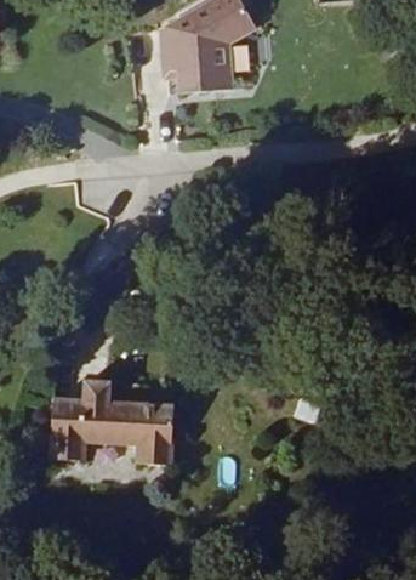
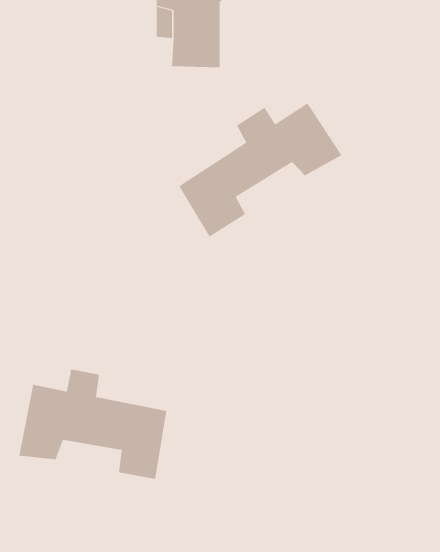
building: none -> [178,103,342,237]

